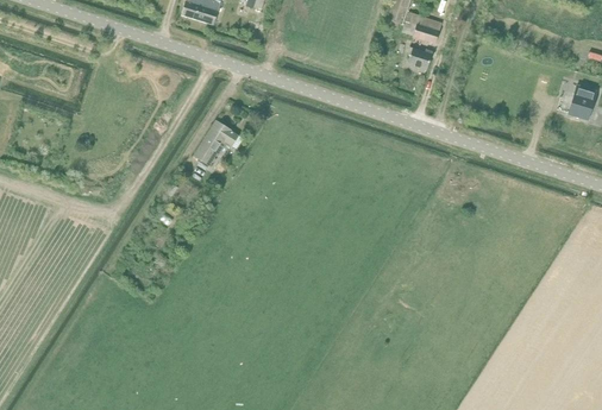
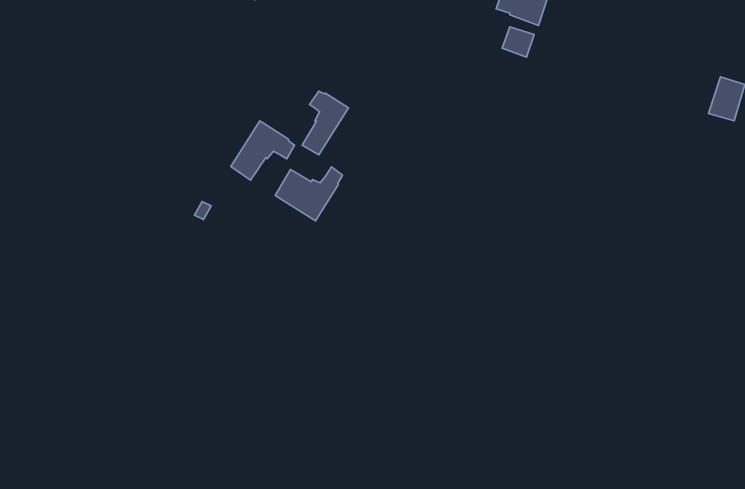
building: none -> [302,91,348,155]
building: none -> [275,167,342,221]

